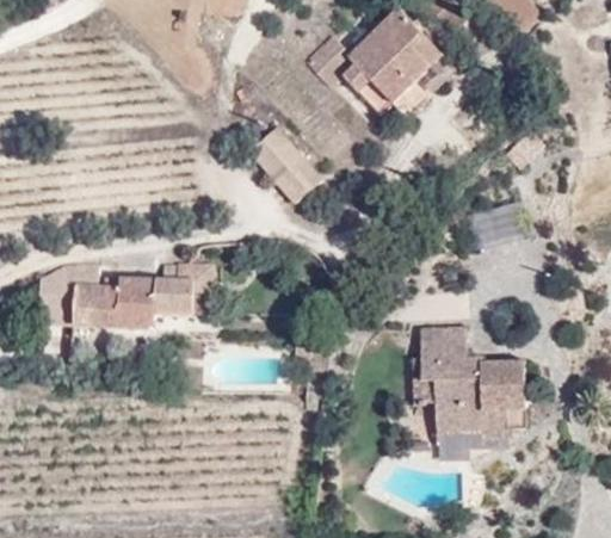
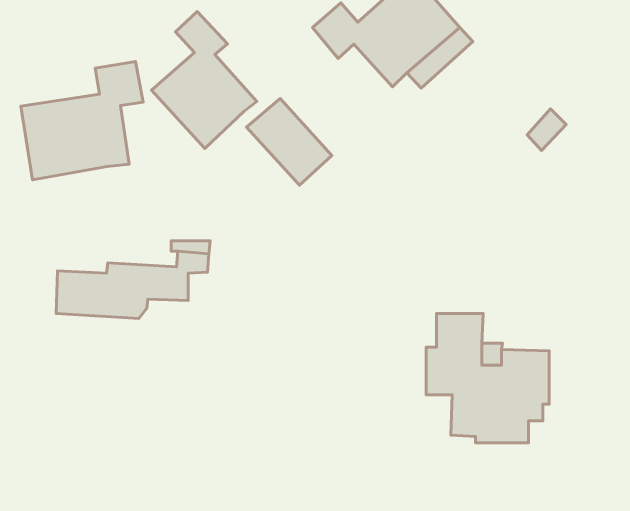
building: none -> [152,12,257,149]
building: none -> [21,61,143,180]

